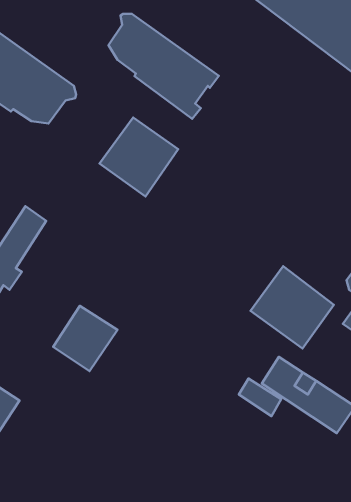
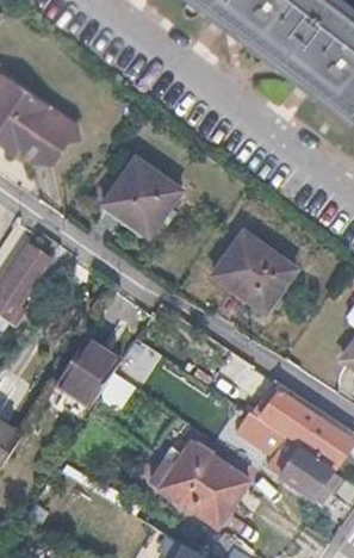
building: [108,14,219,119] -> none
building: [250,266,334,349] -> [213,231,296,312]
building: none -> [157,446,244,528]
building: none -> [274,446,333,501]

